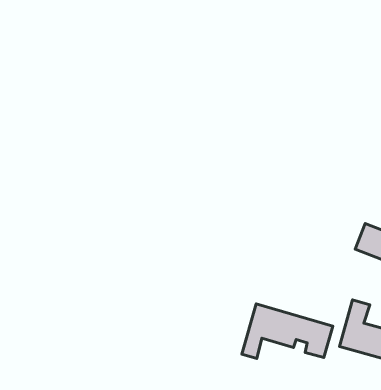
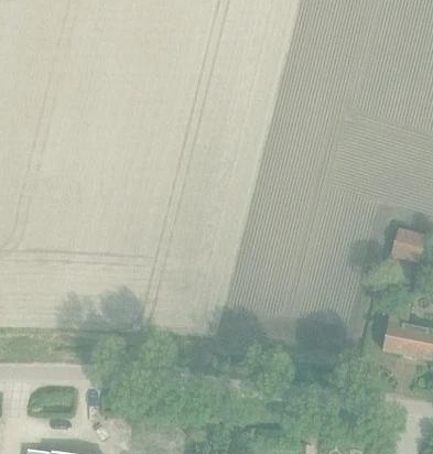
building: [242,304,333,358] -> none

